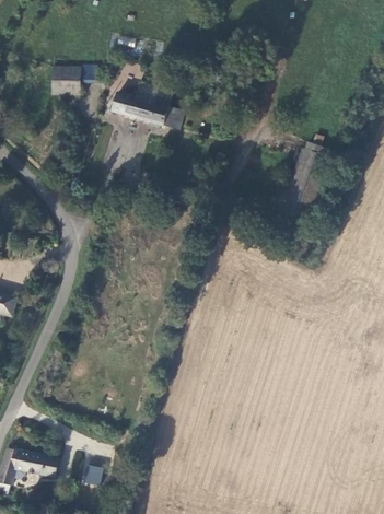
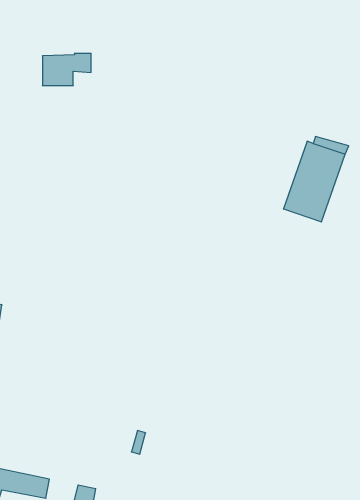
building: [110,82,183,130] -> none

